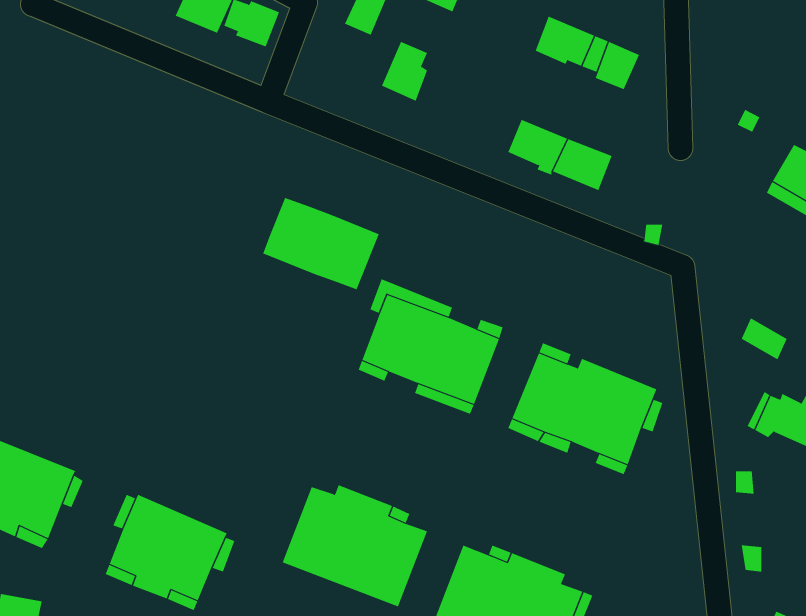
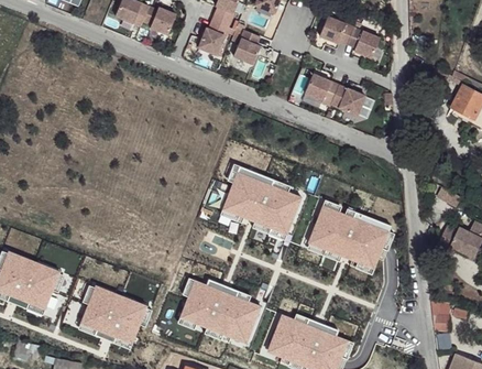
building: none -> [198,19,228,53]
building: [262,197,379,290] -> none

